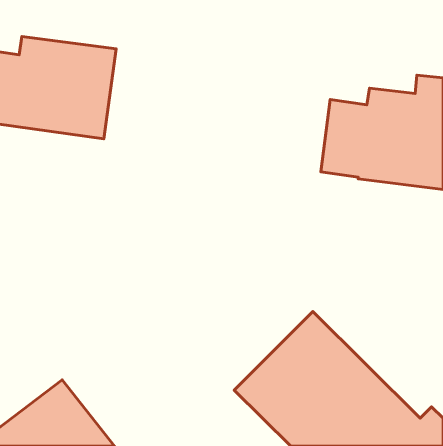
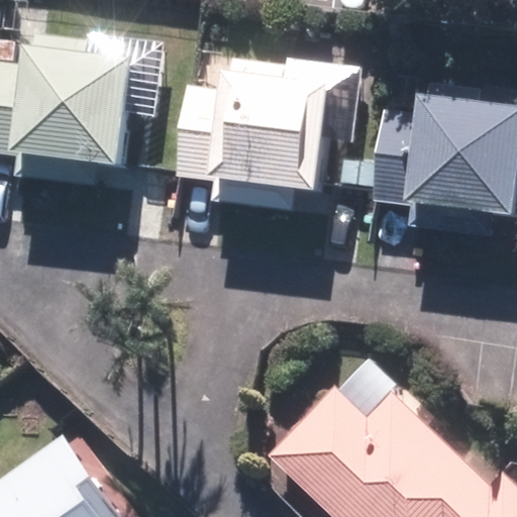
building: none -> [181,61,354,196]

